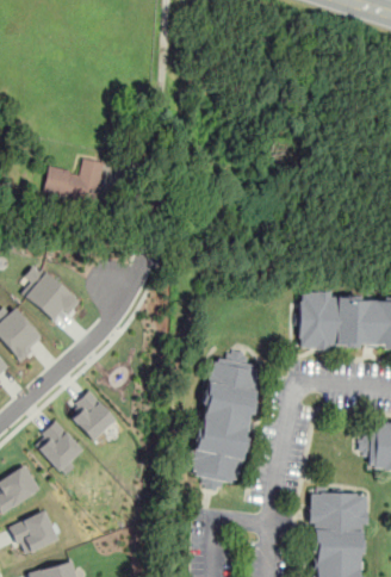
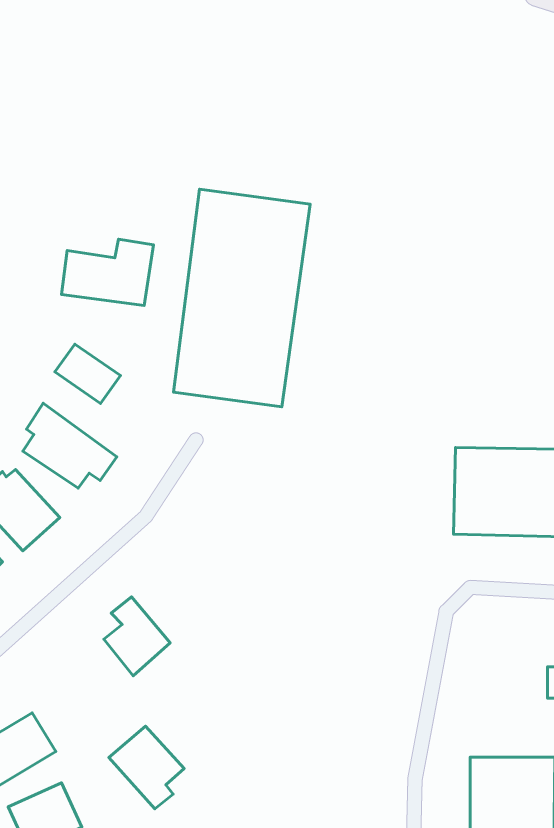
building: none -> [174,189,310,407]
building: none -> [55,344,120,403]
building: [193,349,260,491] -> none
building: [35,422,83,476] -> [109,726,184,809]

